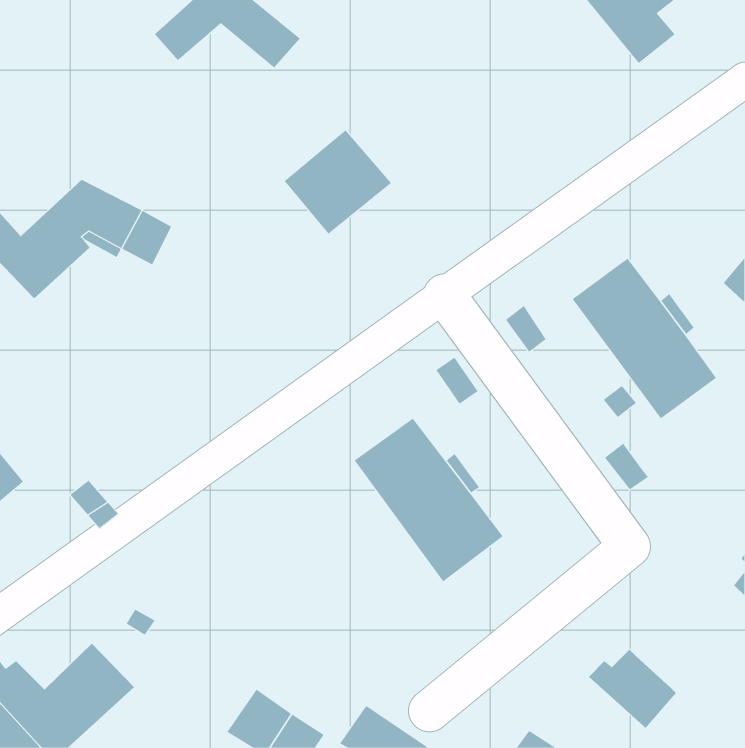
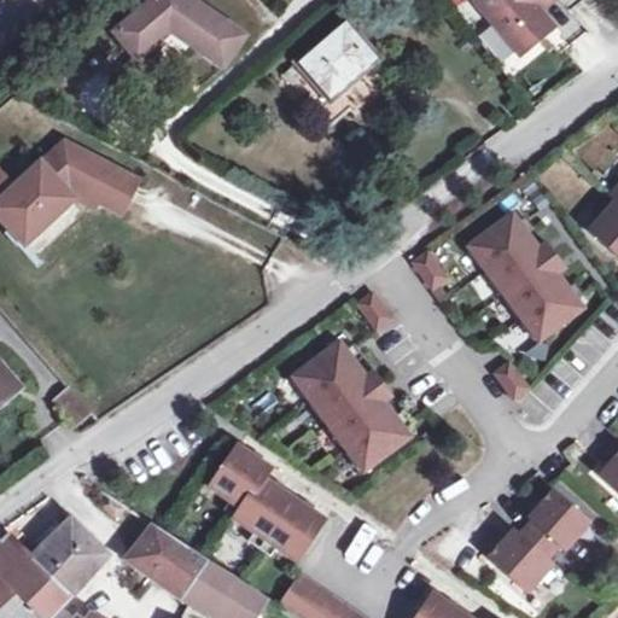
building: [284,129,392,235] -> [295,17,383,103]
building: none -> [210,444,322,558]
building: none -> [519,490,589,560]
building: none -> [138,527,209,596]

